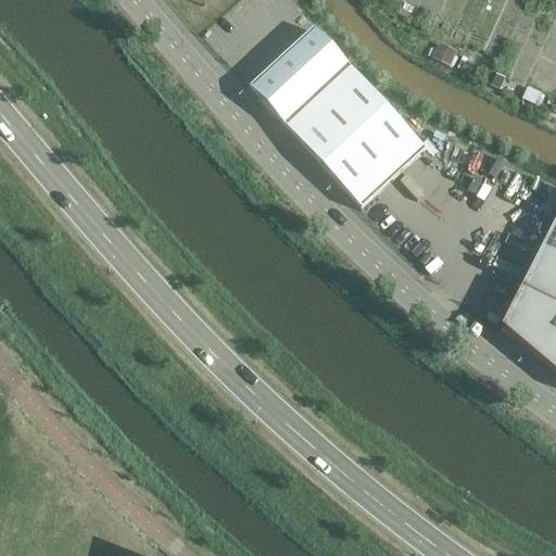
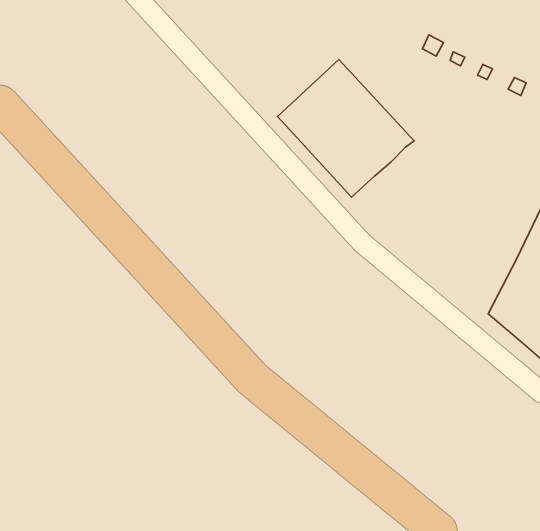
building: [251,23,349,119] -> none

